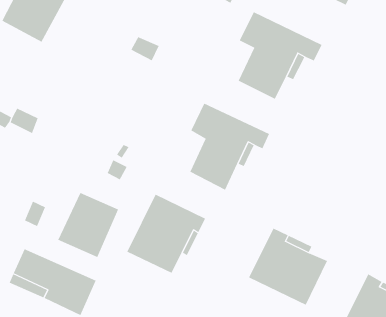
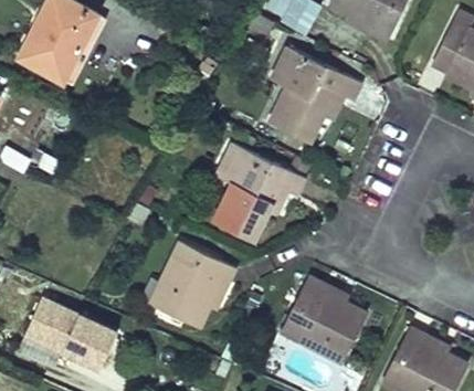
building: [58,192,119,258] -> none

